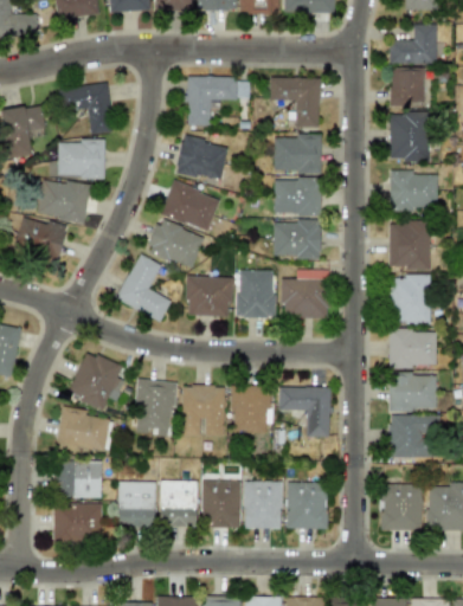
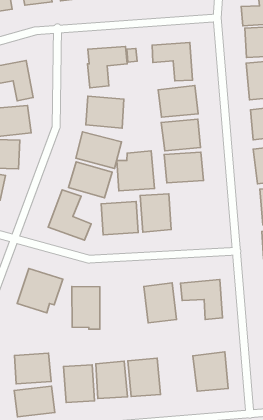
building: [282,270,328,318] -> [117,151,154,191]
building: [182,385,225,436] -> none
building: [57,407,110,452] -> none
building: [244,481,283,529] -> none

